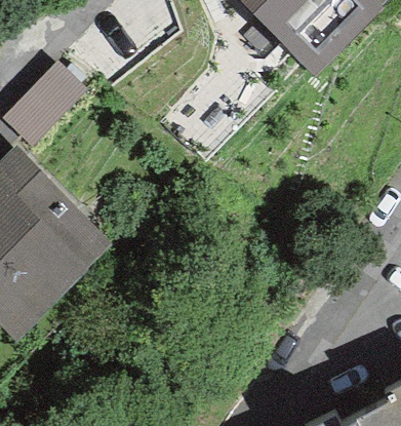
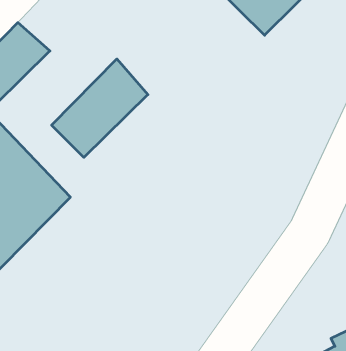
building: none -> [52,59,148,157]

